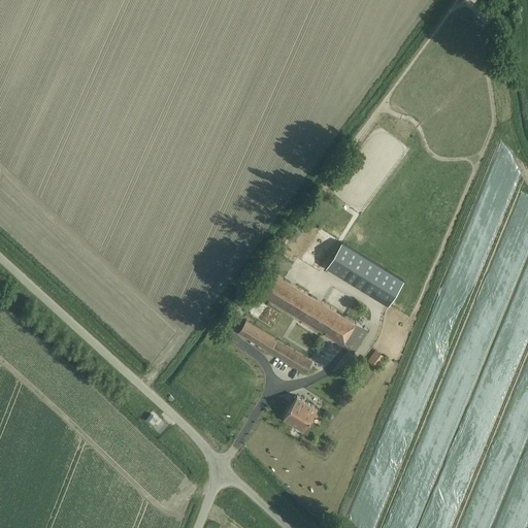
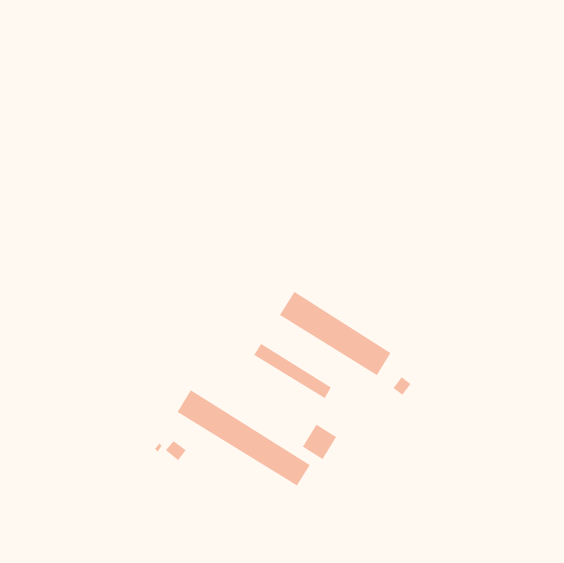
building: [327,243,403,307] -> none
building: none -> [176,389,311,486]

